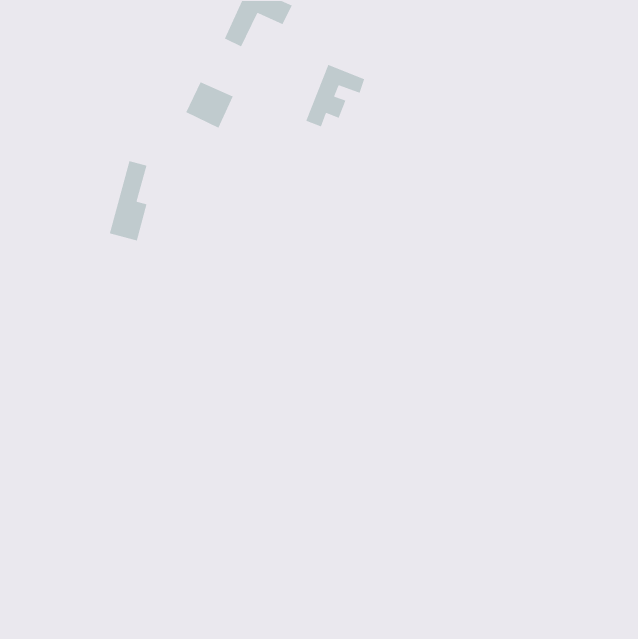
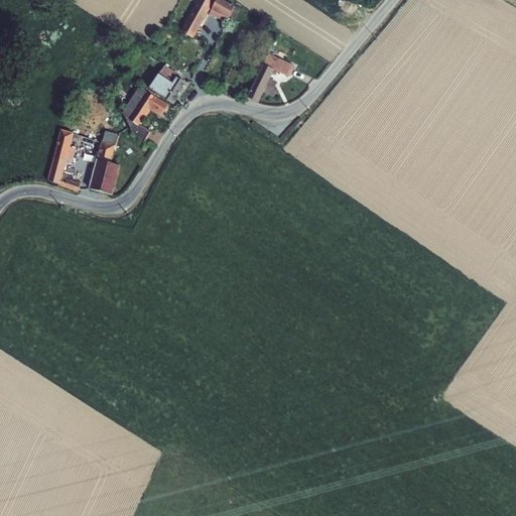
building: none -> [120,85,168,140]
building: none -> [47,130,81,189]

